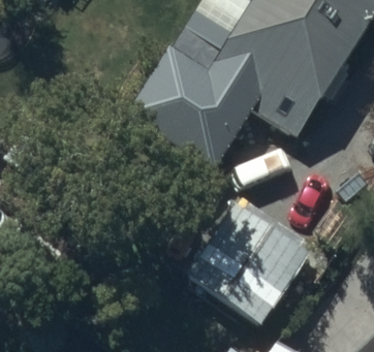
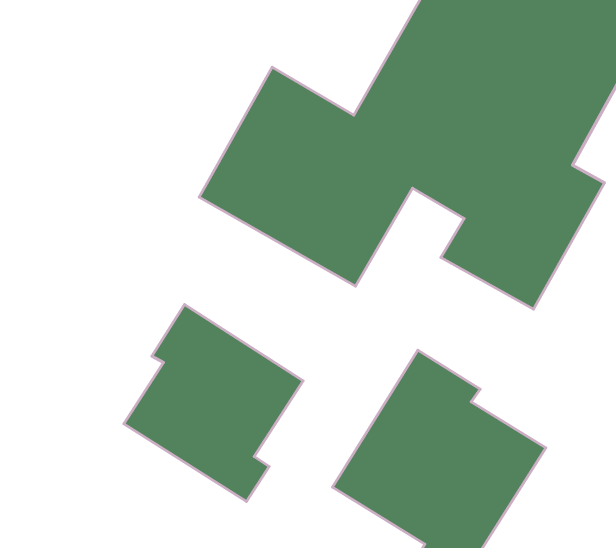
building: none -> [124,305,303,502]

